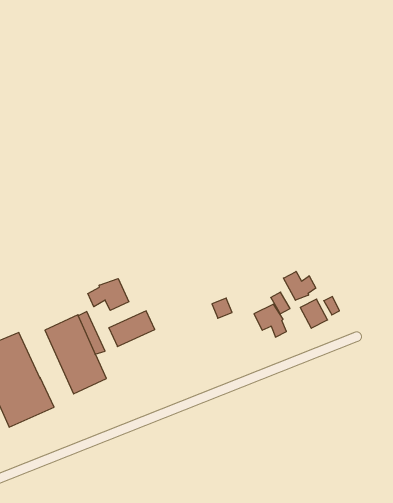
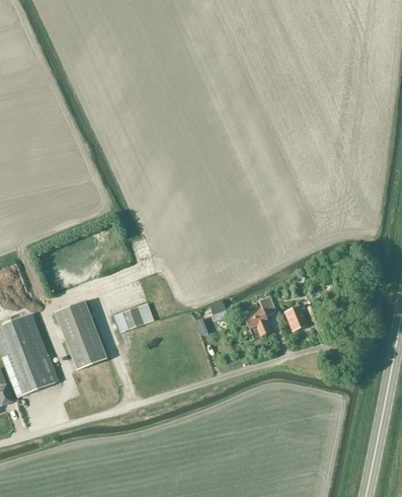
building: [283,271,316,300] -> none
building: [88,279,129,310] -> none

